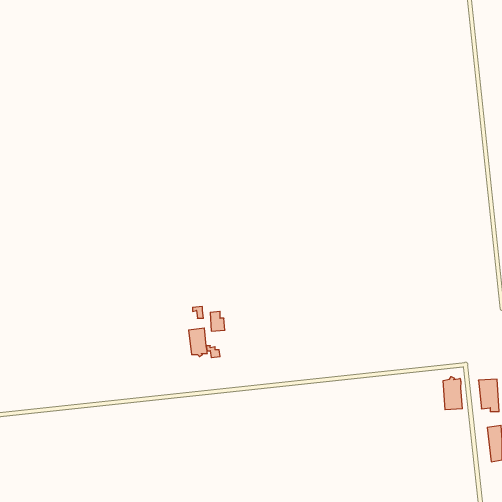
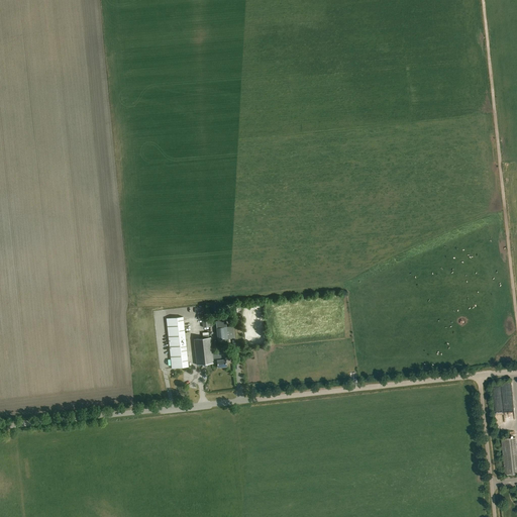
building: none -> [167,317,188,369]
building: [443,377,462,410] -> none

